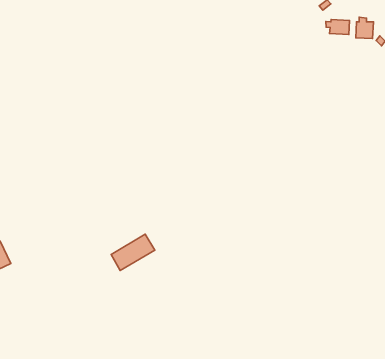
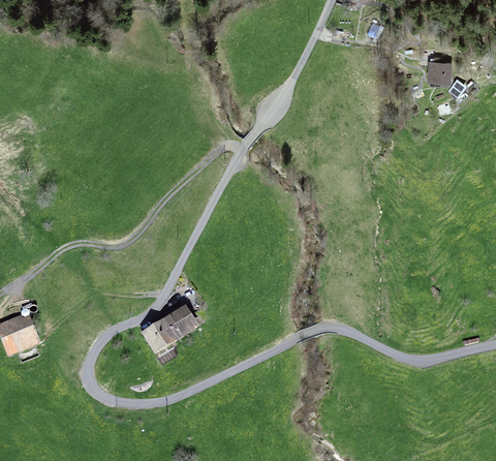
building: [326,20,350,34] -> none

